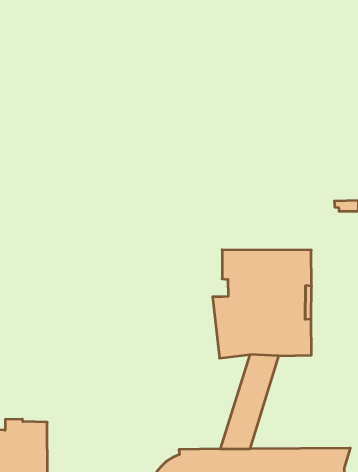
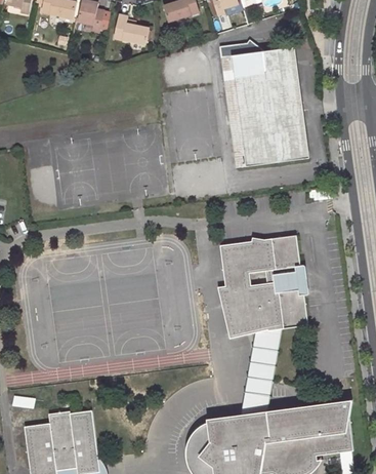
building: none -> [221,37,310,169]

